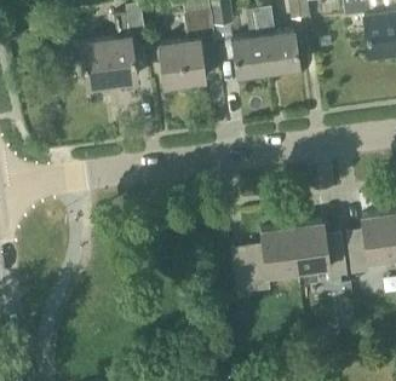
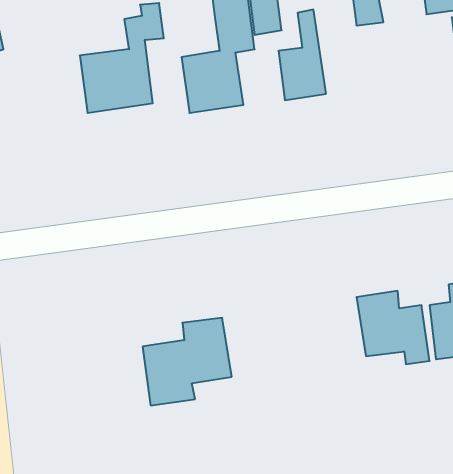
building: [259,8,300,74] -> none
building: [231,229,299,295] -> [143,318,232,405]

